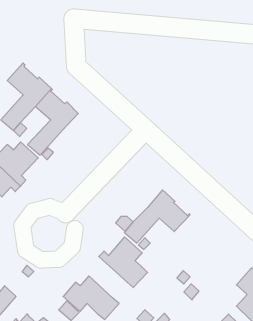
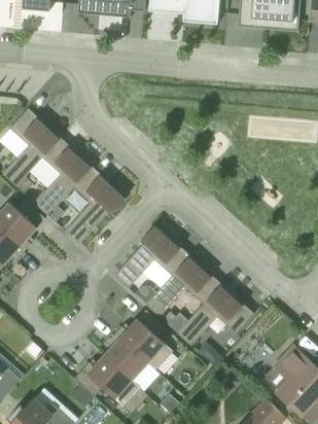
building: none -> [66,167,126,244]
building: none -> [115,226,190,288]
building: none -> [178,284,254,346]
building: none -> [105,332,149,381]

